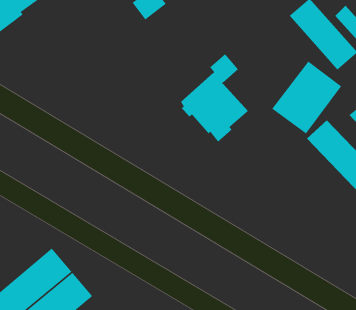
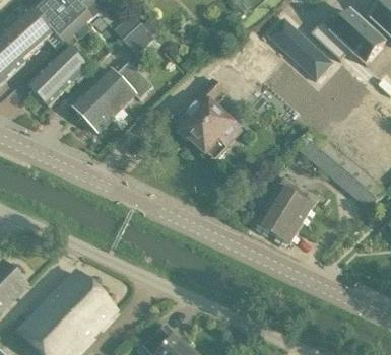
building: none -> [27,51,80,104]
building: none -> [71,61,152,131]
building: [271,60,342,135] -> [254,175,317,243]

